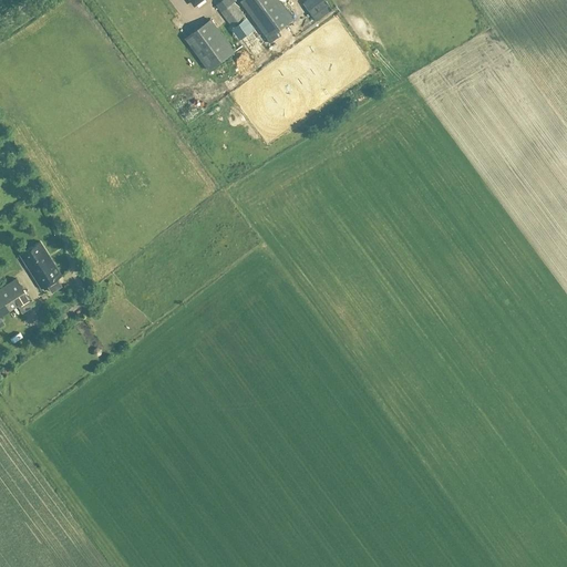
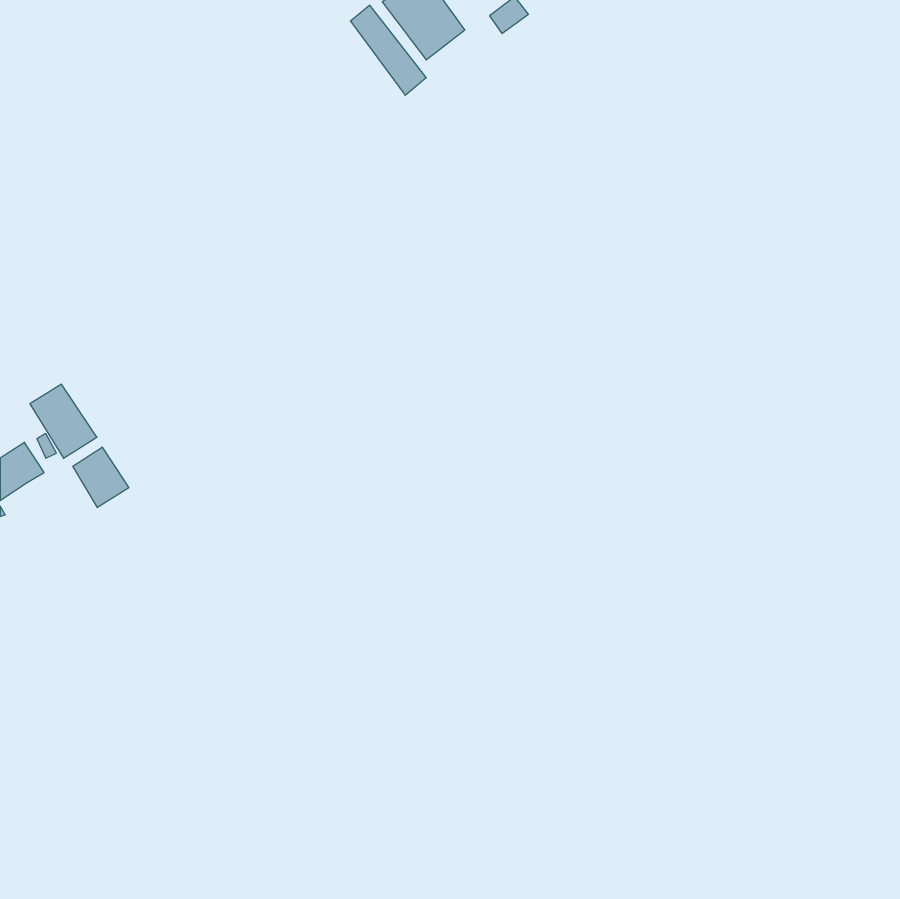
building: [185,19,234,70] -> none
building: none -> [73,447,129,508]

